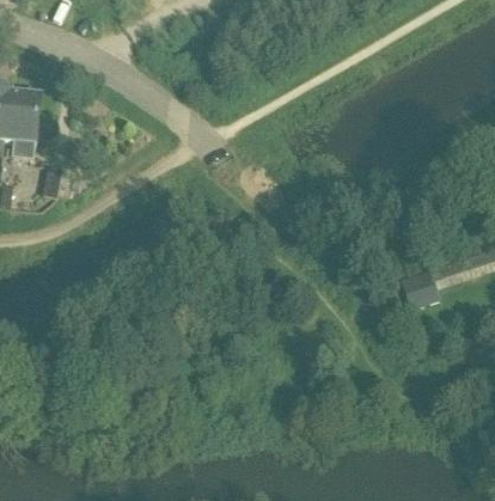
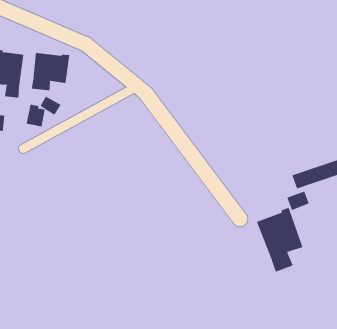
building: none -> [31,52,70,91]
building: none -> [256,207,303,273]

